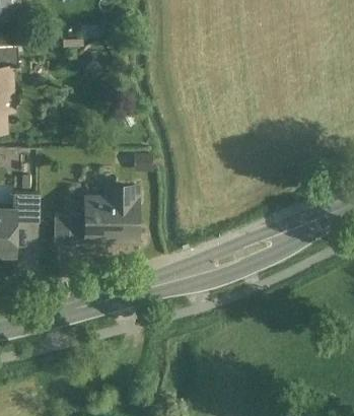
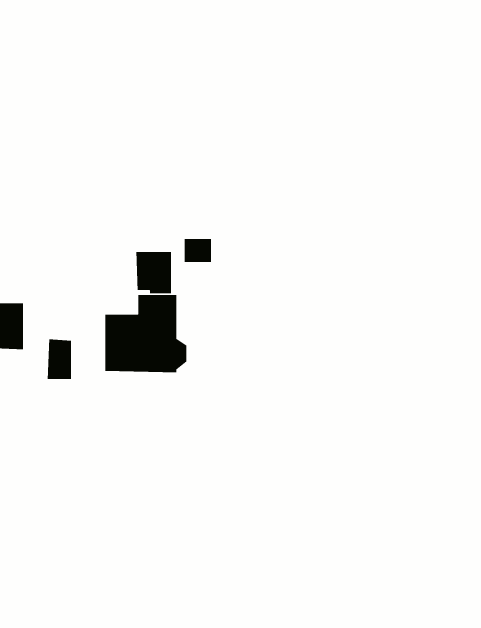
building: none -> [135,251,172,294]
building: [69,213,90,240] -> none

